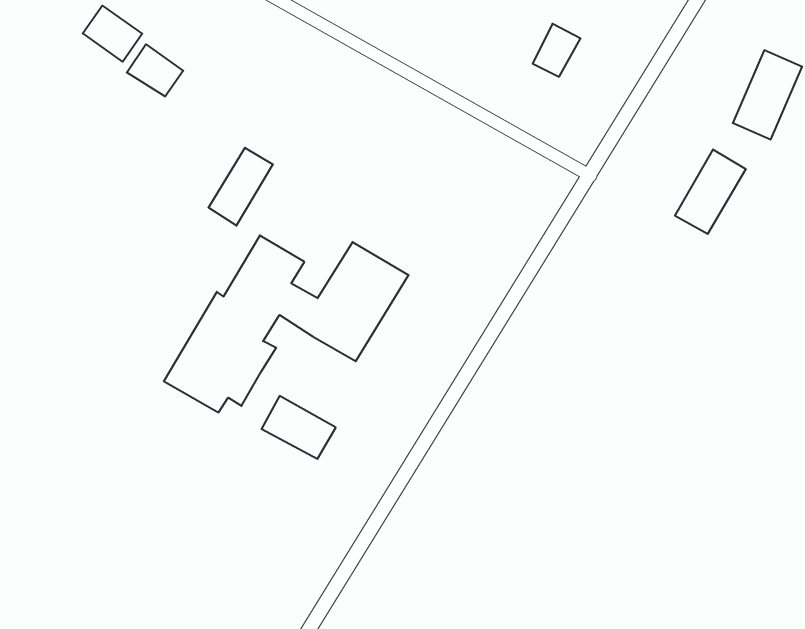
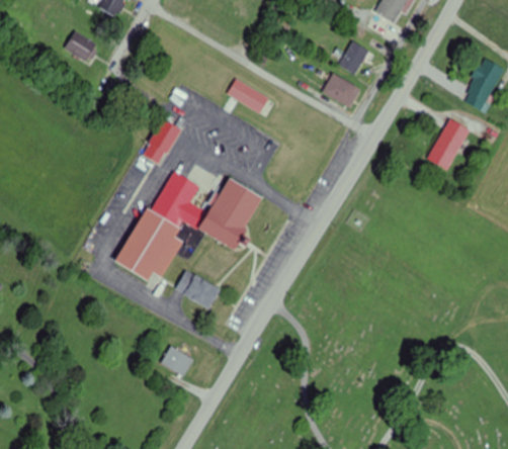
building: [127,44,183,97] -> none
building: none -> [322,73,358,106]
building: none -> [224,78,266,112]
building: none -> [161,346,193,376]

